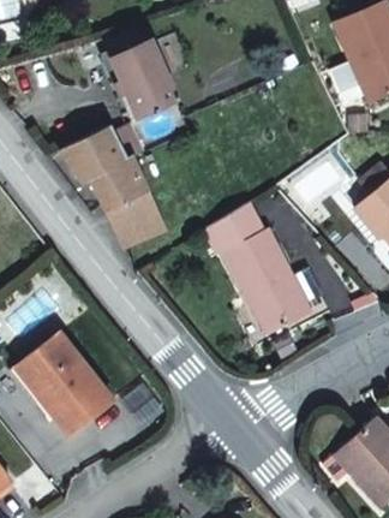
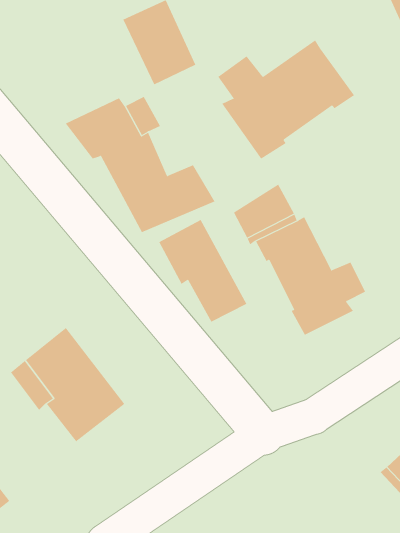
building: none -> [217,40,355,160]
building: none -> [158,219,247,323]

